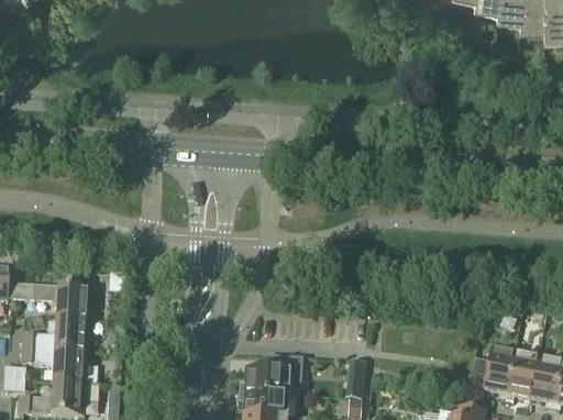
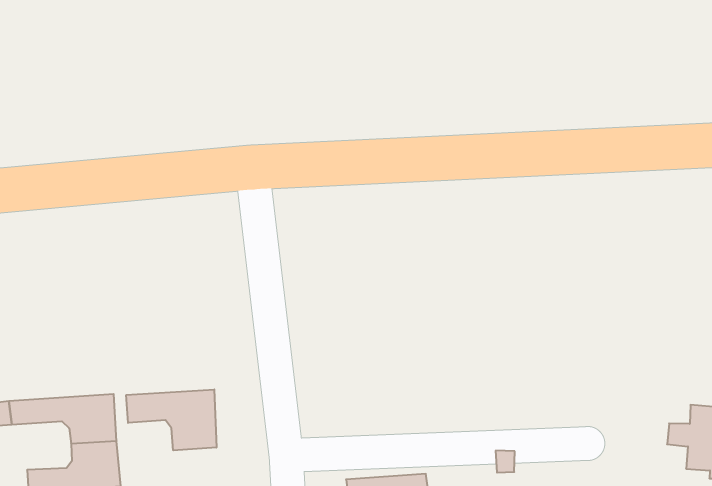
building: none -> [126,389,216,450]

